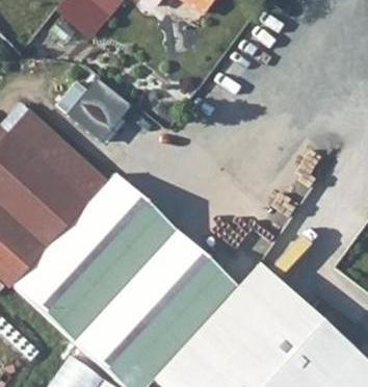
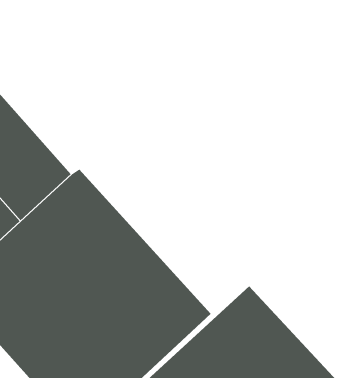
building: [67,72,126,131] -> none

